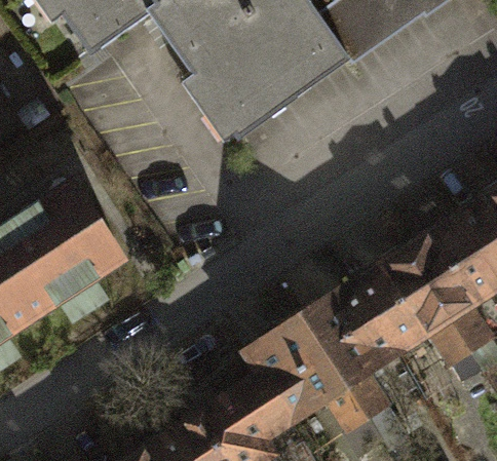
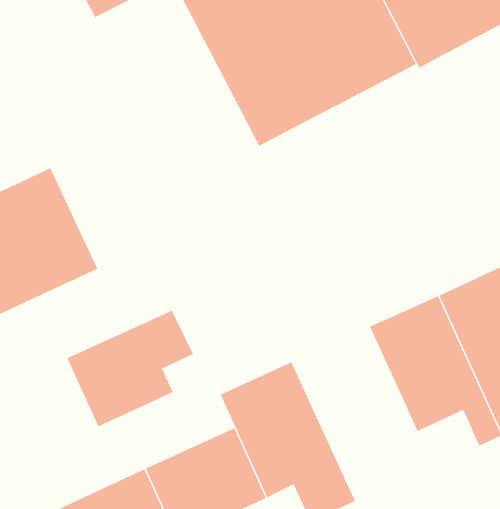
building: [289,274,395,414] -> none
building: none -> [67,310,194,427]

